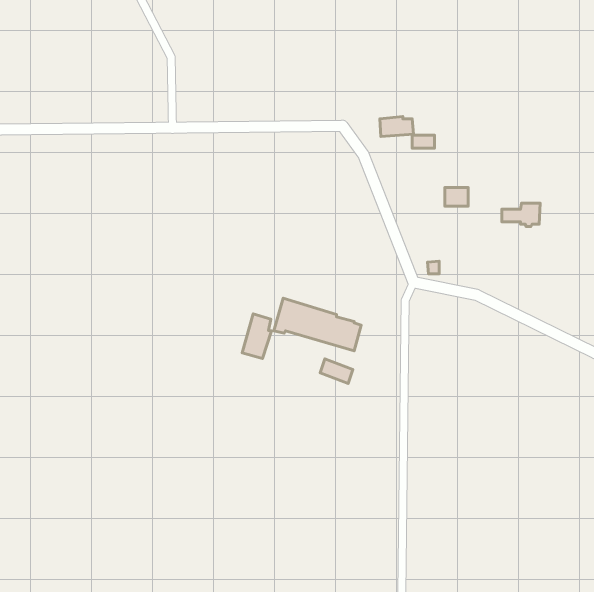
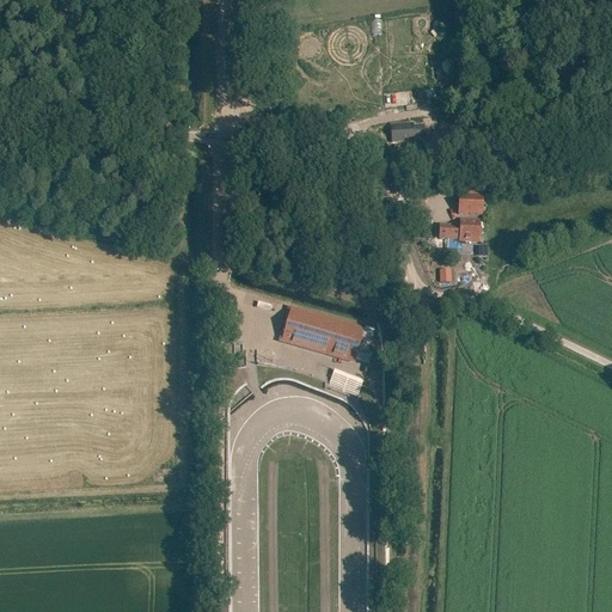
building: [502,203,540,227] -> [440,218,479,241]
building: [242,314,271,358] -> none

